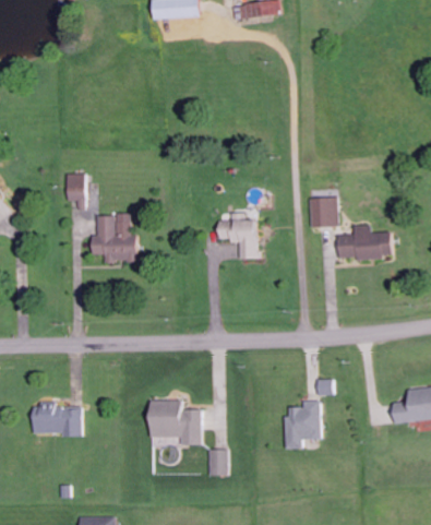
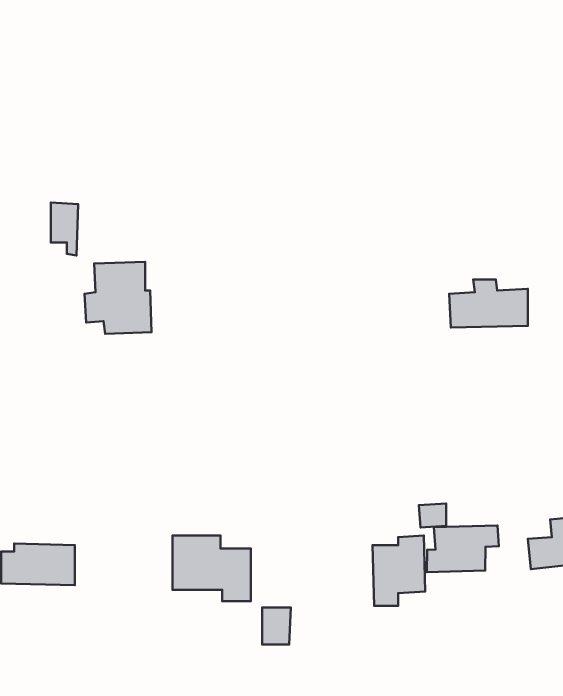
building: [310,198,338,227] -> none
building: [216,219,255,256] -> none
building: none -> [427,525,499,572]

